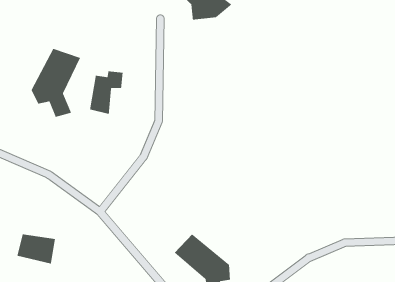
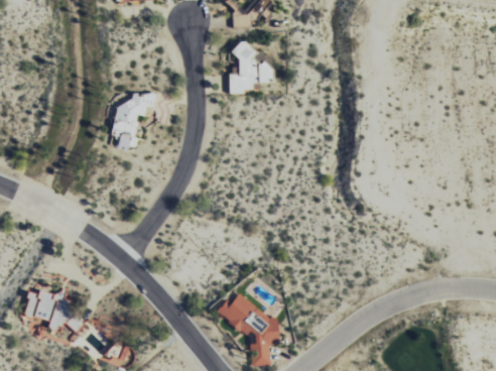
building: none -> [227,38,274,97]
building: [31,48,81,118] -> none

